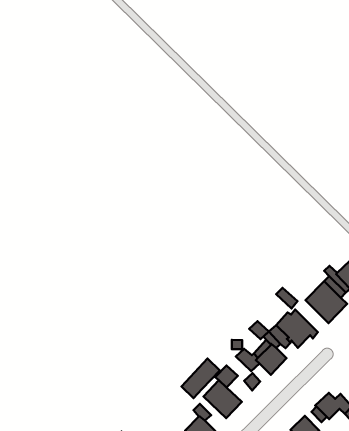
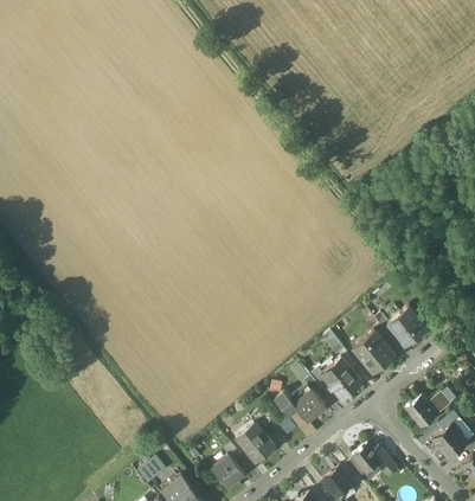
building: [181,359,220,398] -> none

